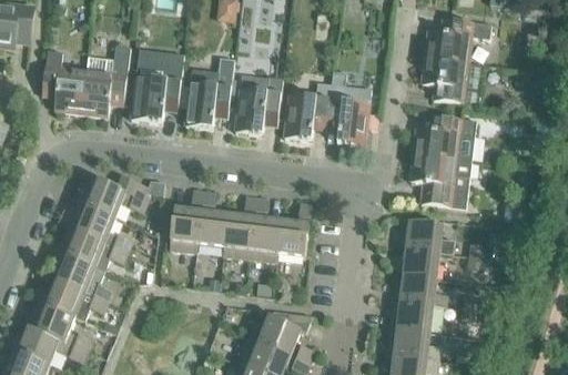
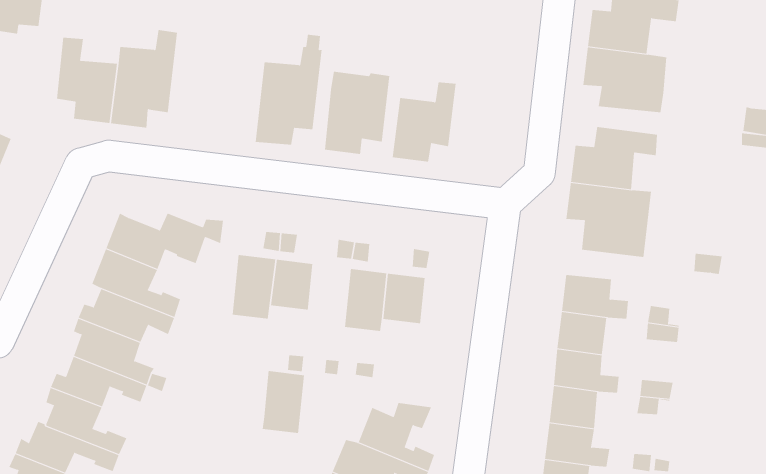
building: [131,49,184,122] -> none
building: [325,70,378,146] -> none
building: [223,213,254,259] -> [262,370,305,434]

